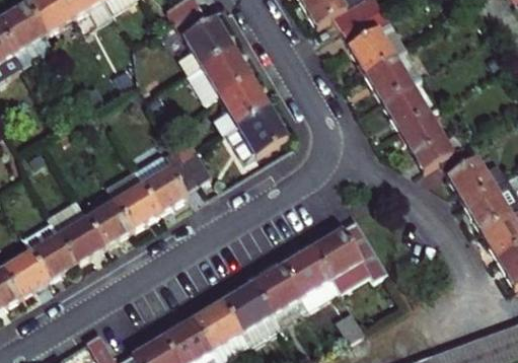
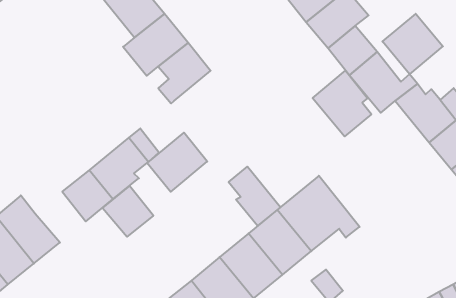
building: none -> [382,14,443,74]
building: [230,105,287,159] -> [147,133,207,192]
building: none -> [313,70,371,136]
building: [84,199,131,246] -> [103,186,153,237]
building: none -> [229,167,280,226]

